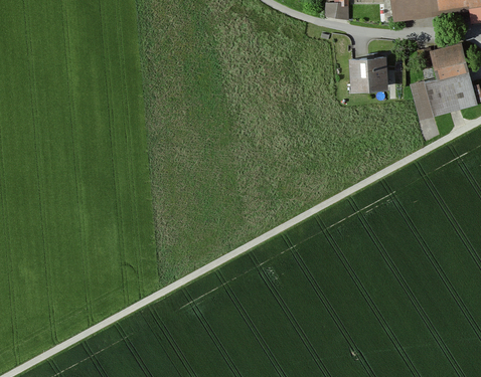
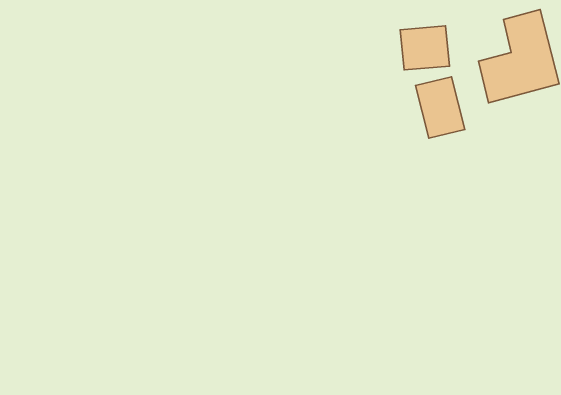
building: none -> [415,77,465,138]

